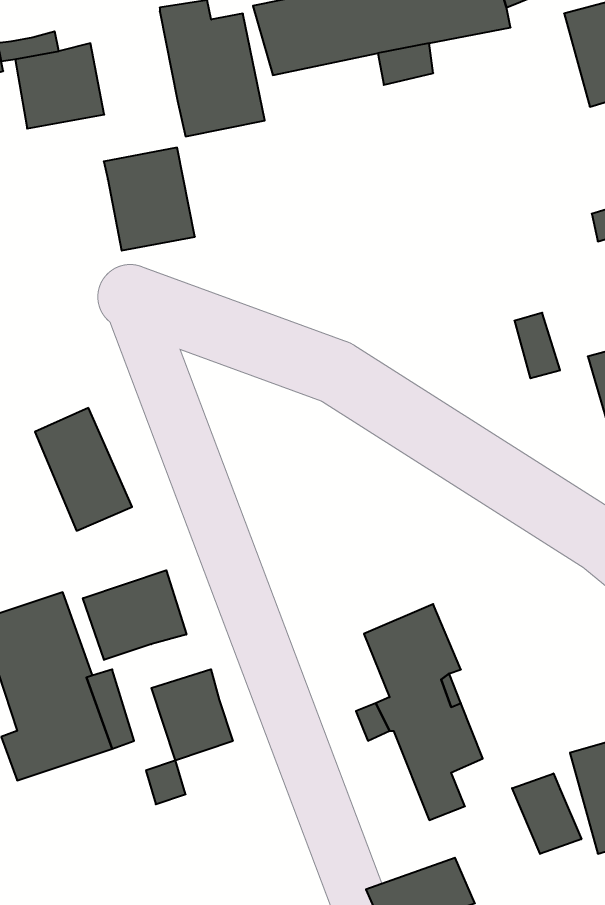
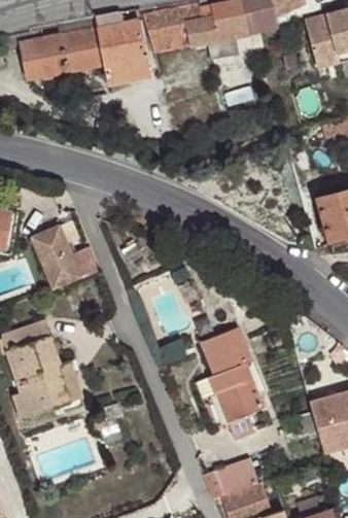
building: [104,148,195,251] -> [57,19,104,72]
building: [83,570,186,660] -> none
building: [151,669,233,761] -> none
building: [512,773,581,854] -> none

